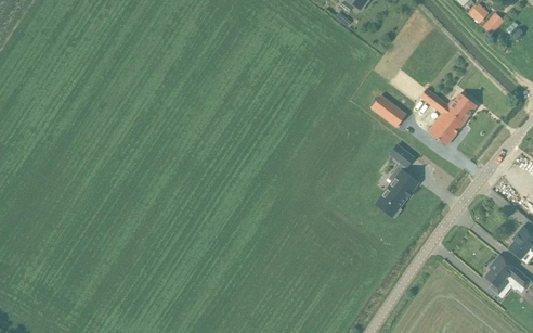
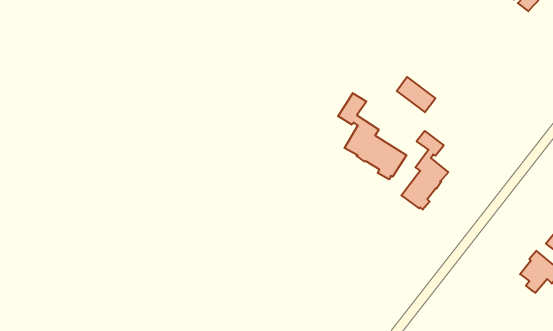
building: [420,89,476,145] -> none
building: none -> [338,93,407,179]

